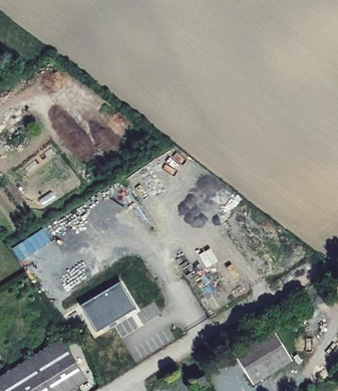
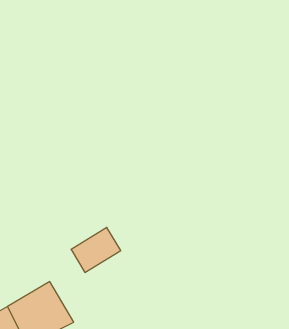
building: [232,328,291,382] -> none

